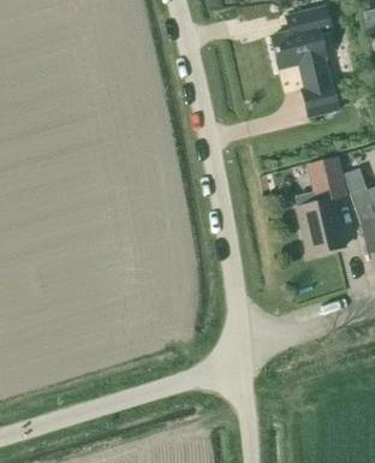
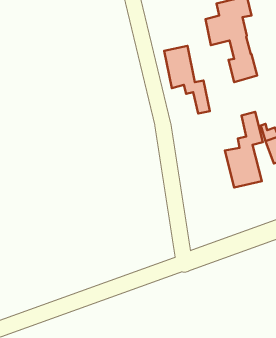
building: none -> [164,46,210,113]

